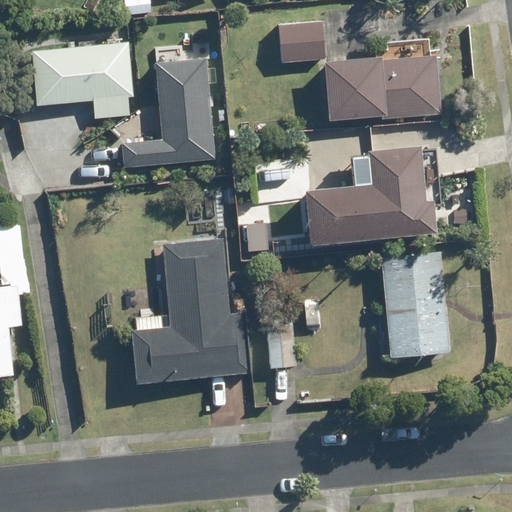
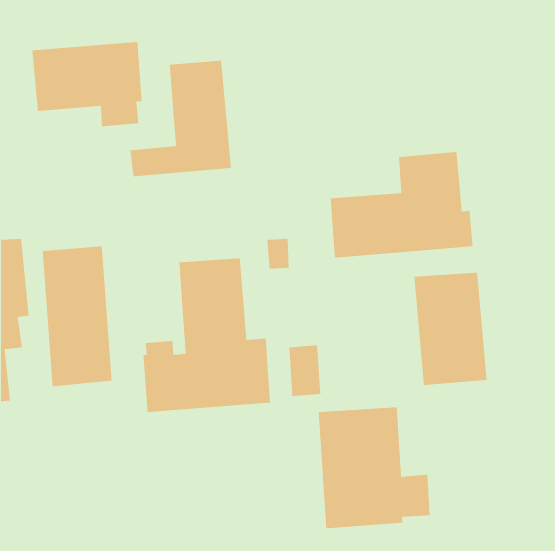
building: [278,21,442,119] -> none
building: none -> [42,246,112,387]
building: none -> [318,407,431,529]

